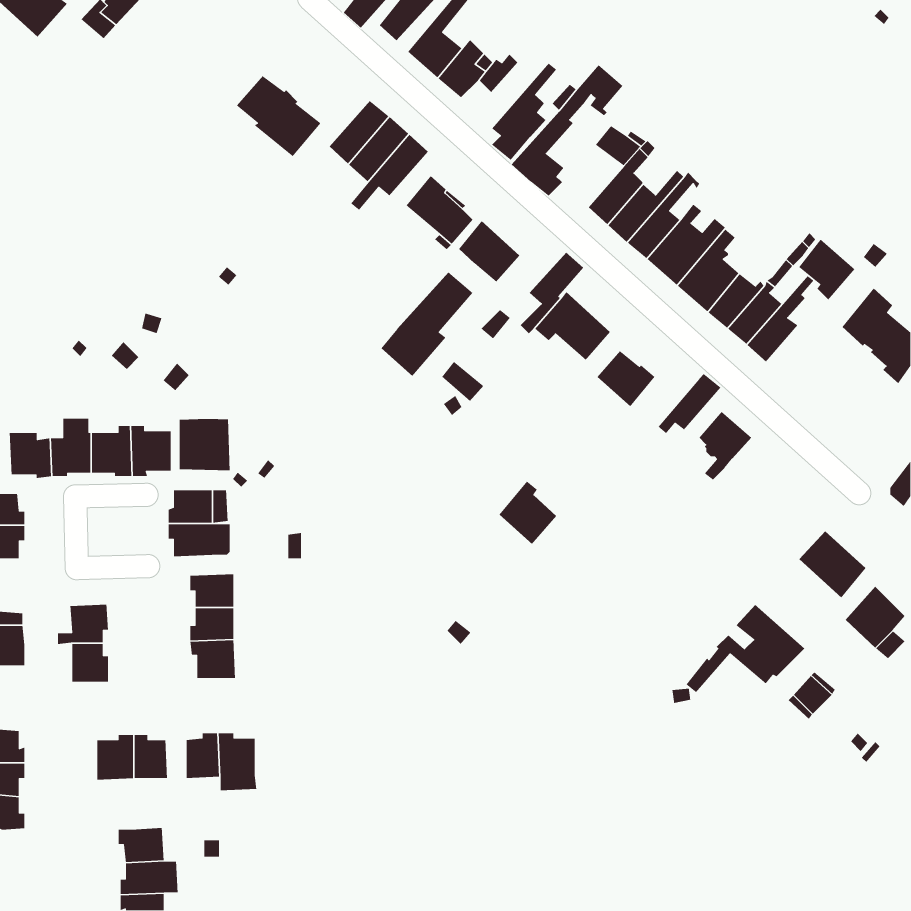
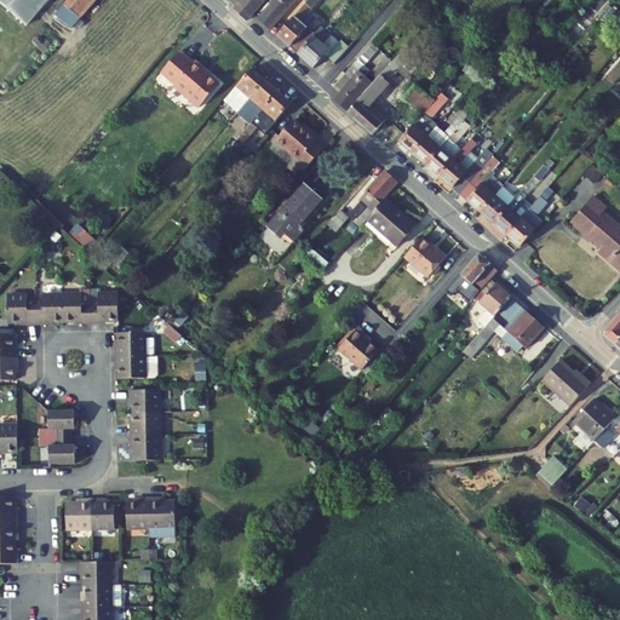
building: [458,220,520,282] -> none
building: [798,238,856,300] -> none
building: [179,418,230,471] -> none
building: [686,604,805,693] -> [463,297,544,357]

